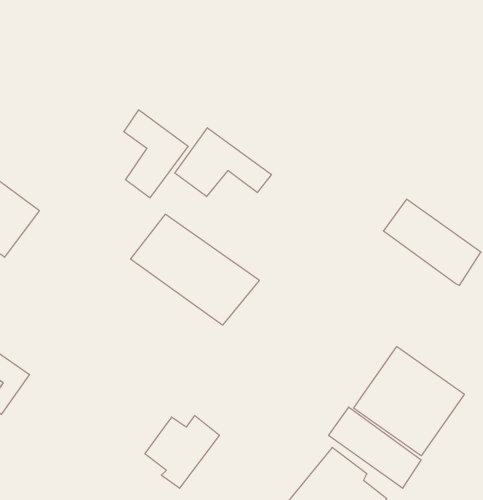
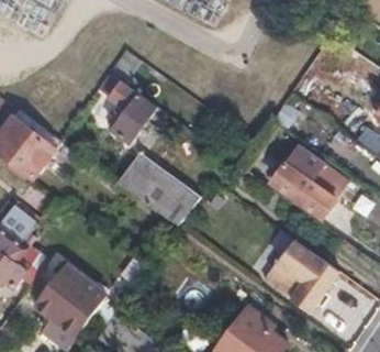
building: [175,128,271,197] -> none
building: [329,407,421,488] -> [271,163,333,217]
building: [145,416,219,488] -> [38,276,88,325]

